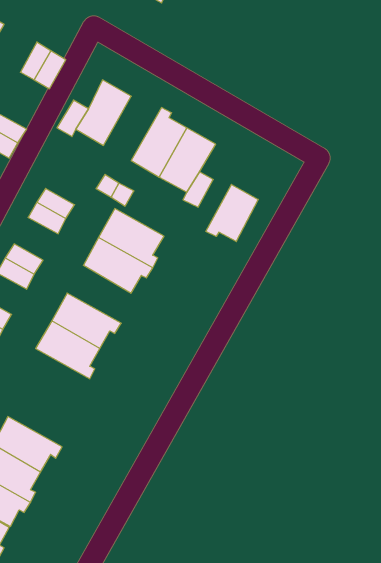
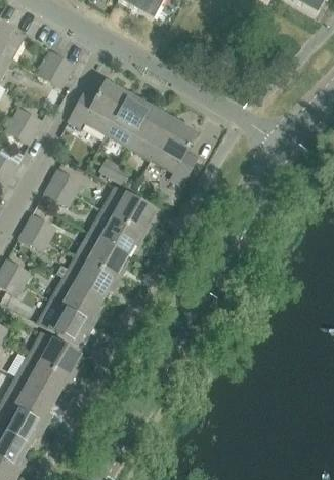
building: none -> [106,94,153,147]
building: [206,184,258,242] -> none
building: none -> [76,232,128,279]
building: none -> [37,299,94,346]
building: none -> [28,332,81,379]

